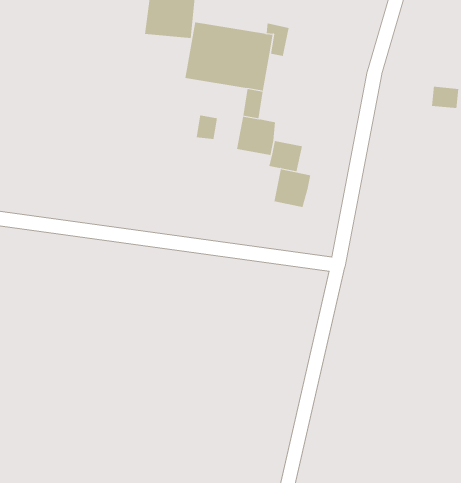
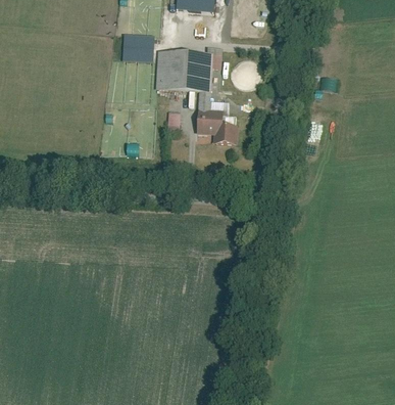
building: [274,168,311,208] -> none

